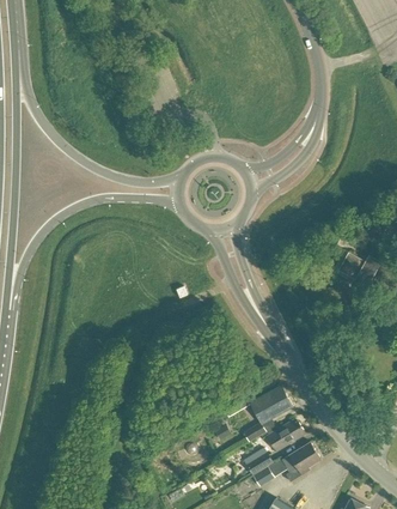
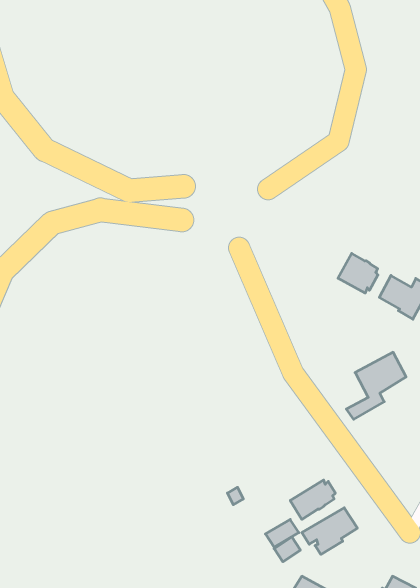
building: none -> [338,253,378,293]
building: [244,386,293,441] -> [346,352,406,419]

